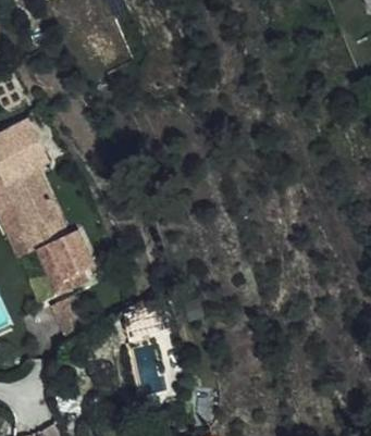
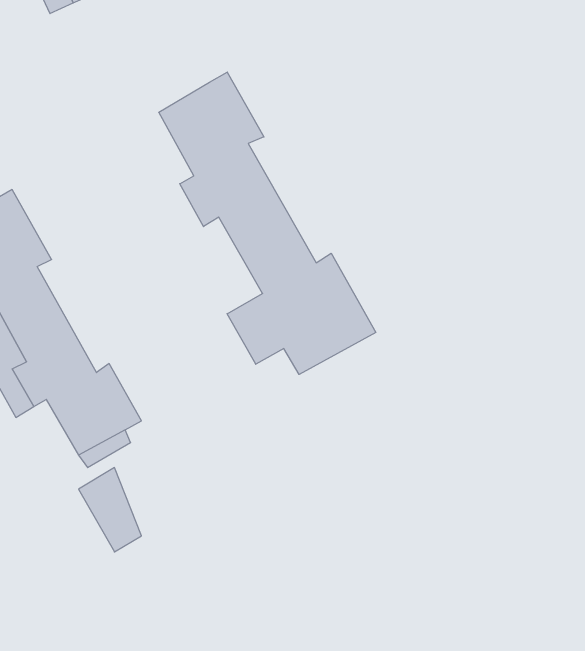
building: none -> [159,72,376,374]

